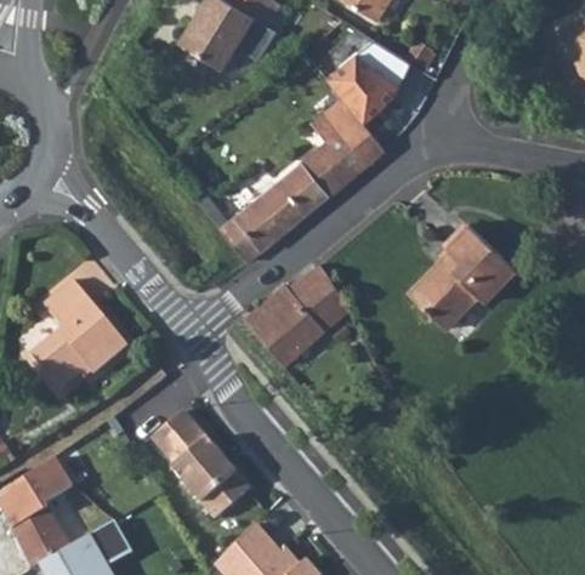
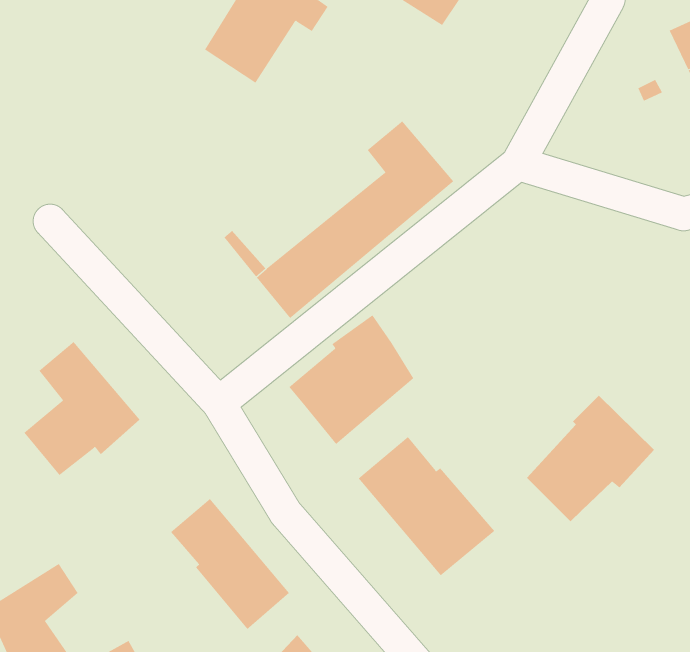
building: [324,41,410,124] -> none
building: [409,226,515,330] -> [526,395,655,522]
building: none -> [358,436,495,576]

